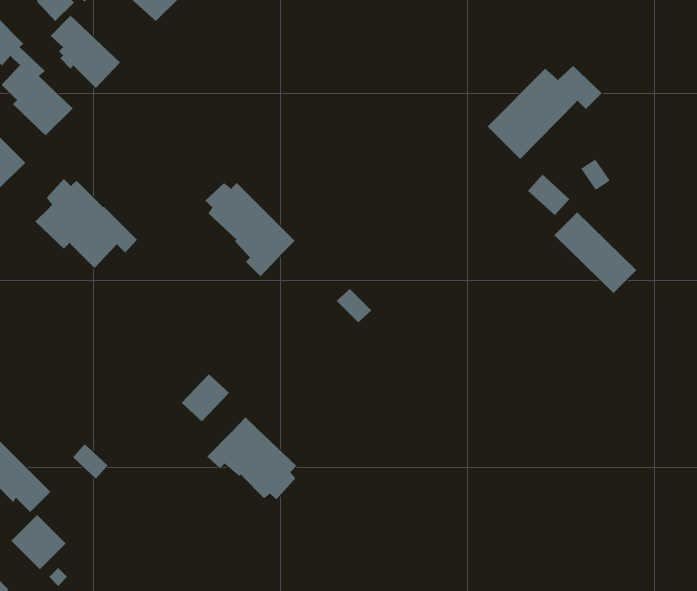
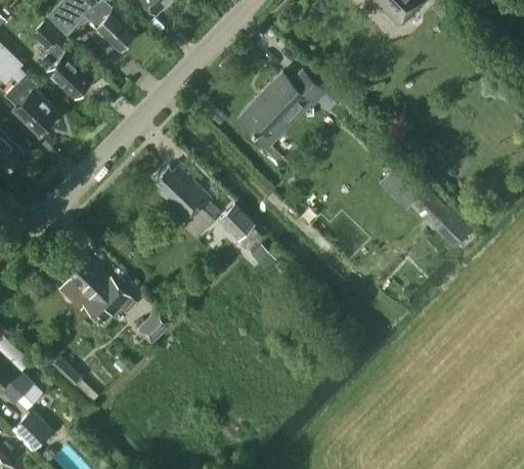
building: [487,65,603,160] -> [239,73,324,142]
building: [35,178,138,269] -> [59,258,135,325]
building: none -> [219,206,262,253]
building: [206,417,297,500] -> none

